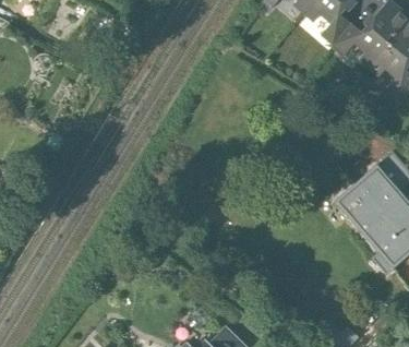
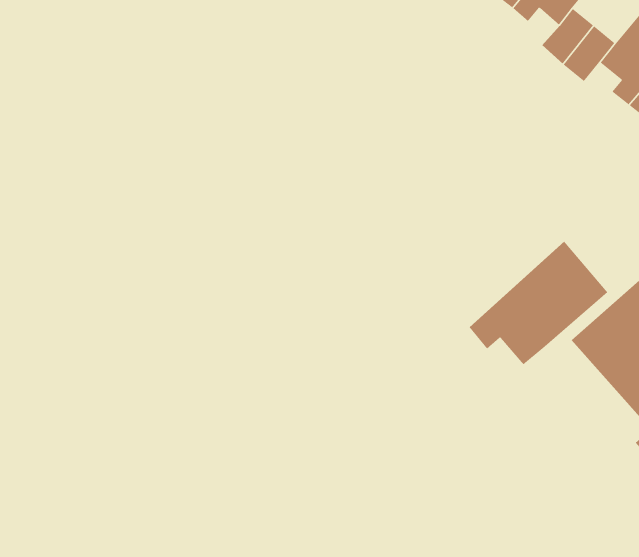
building: none -> [469,241,608,365]

